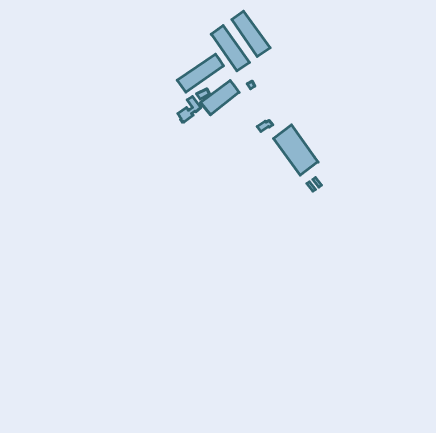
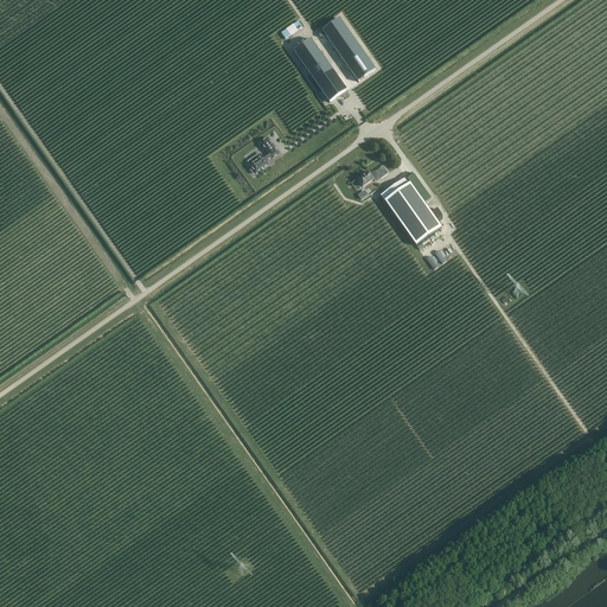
building: [177,54,224,92] -> none
building: [201,81,239,115] -> none

